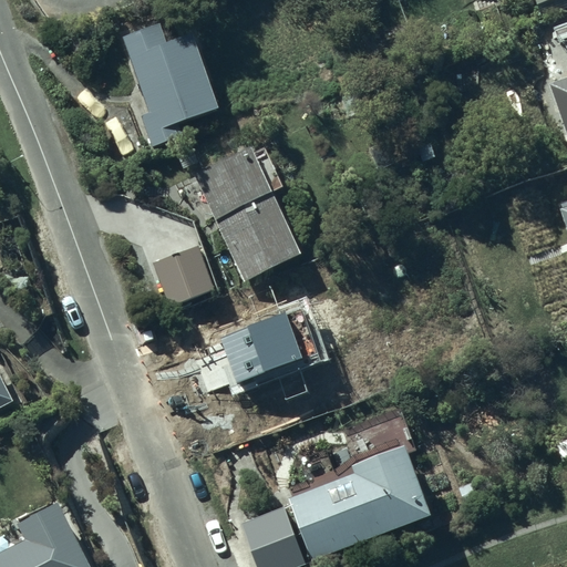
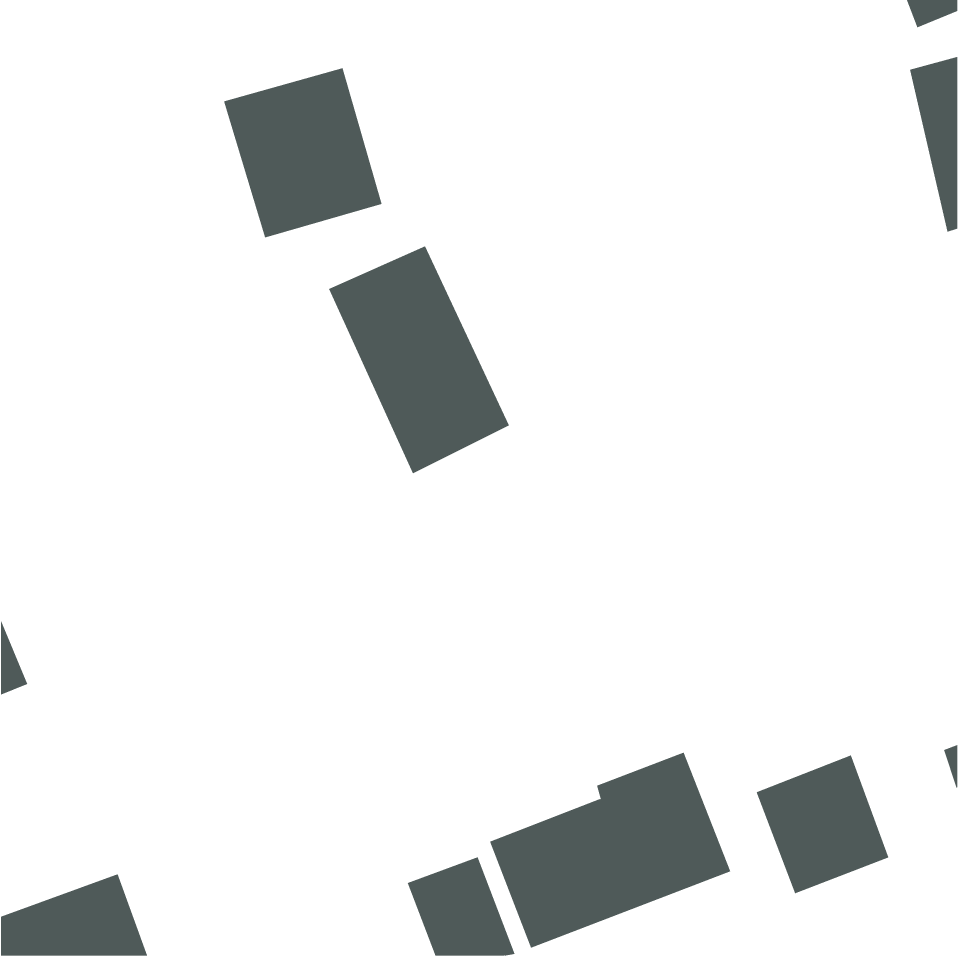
building: [153,245,214,305] -> none
building: [219,309,302,382] -> none
building: none -> [756,755,889,894]

